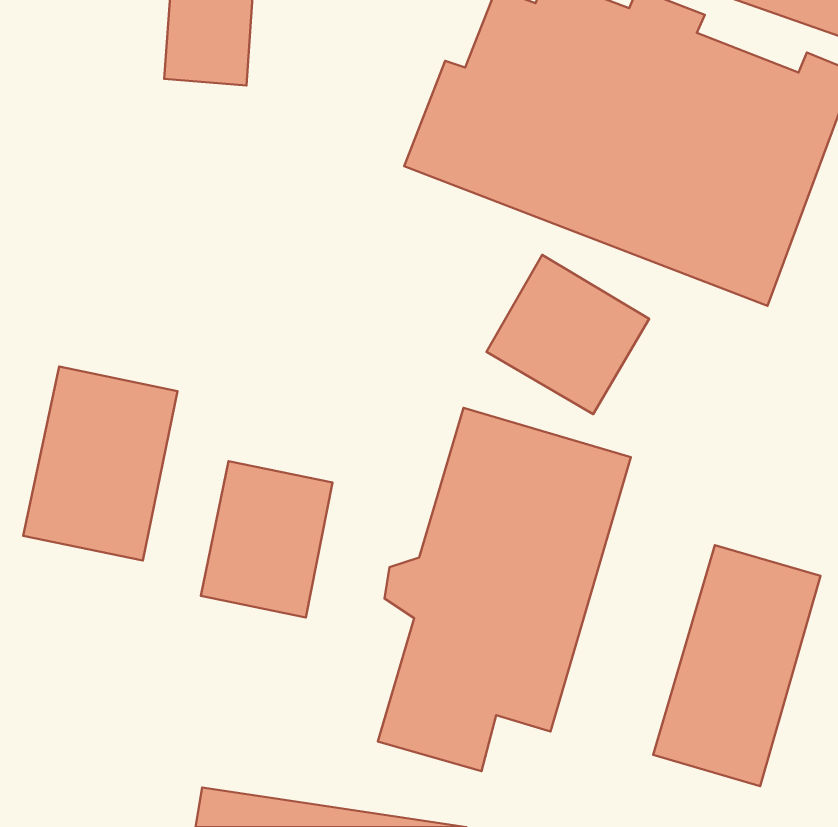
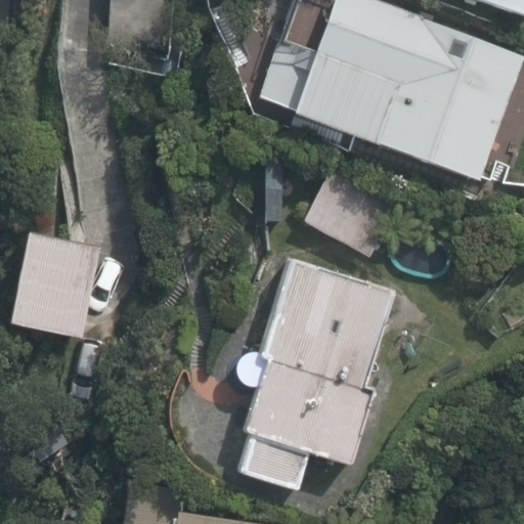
building: [201,461,332,617] -> none
building: [653,545,821,786] -> none

